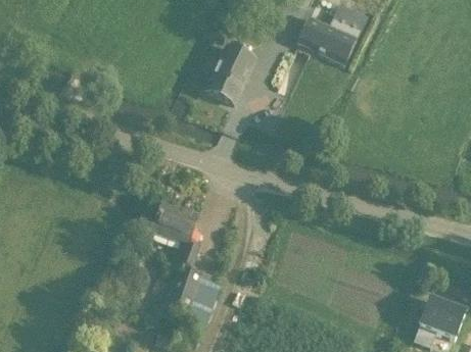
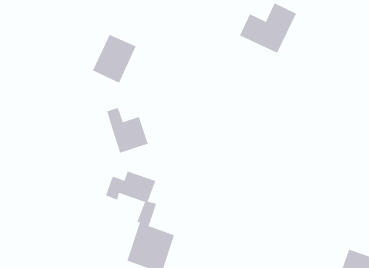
building: [203,44,256,103] -> [92,34,136,83]
building: none -> [107,107,149,154]

